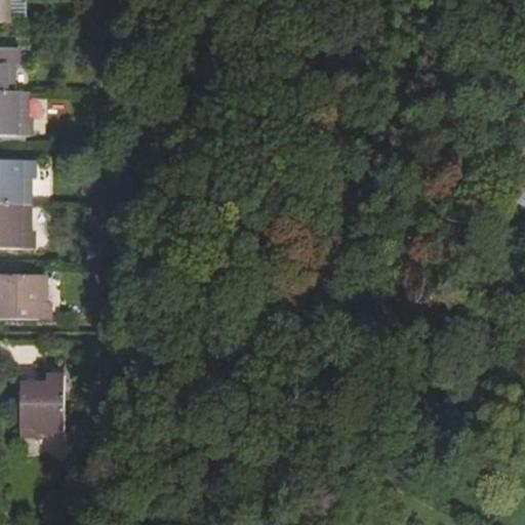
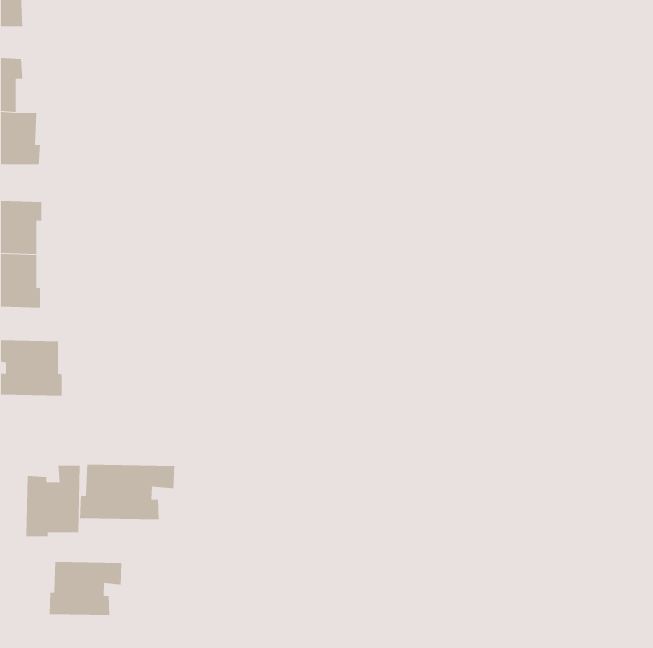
building: none -> [79,464,175,520]
building: none -> [49,561,122,616]

